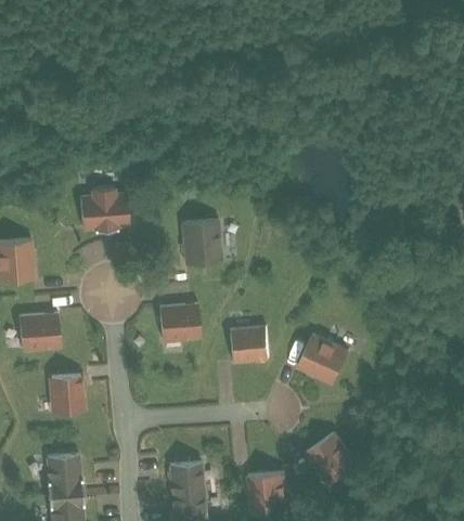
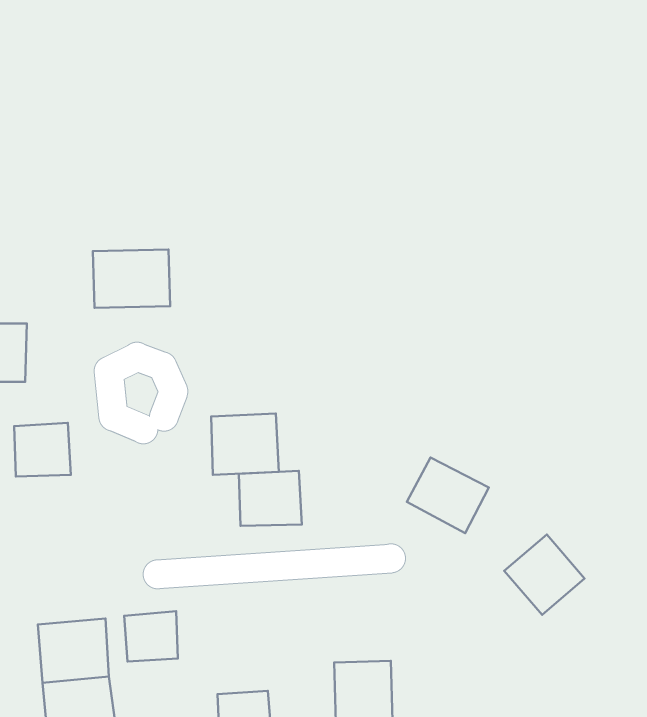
building: [177,221,222,259] -> none
building: [230,325,273,363] -> [239,471,302,526]
building: [50,378,83,415] -> none
building: [302,431,358,486] -> [504,535,585,615]
building: [163,463,199,497] -> [124,611,178,662]

